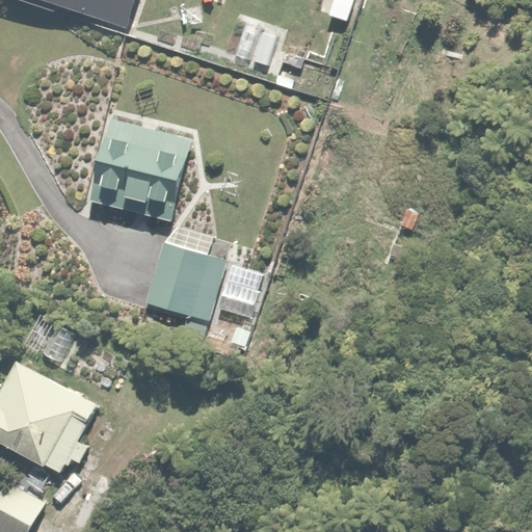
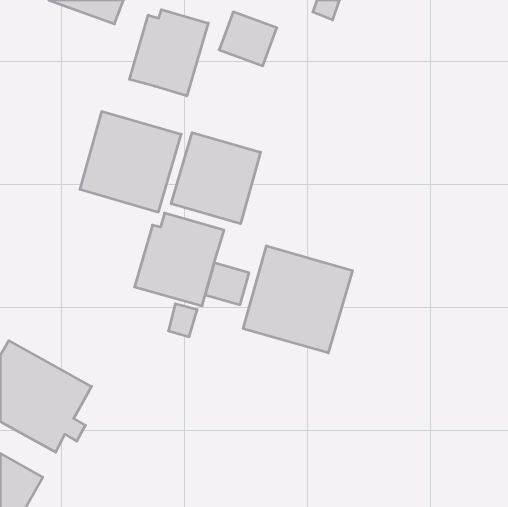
building: none -> [129,10,208,96]
building: none -> [171,133,261,224]
building: none -> [243,246,353,353]

